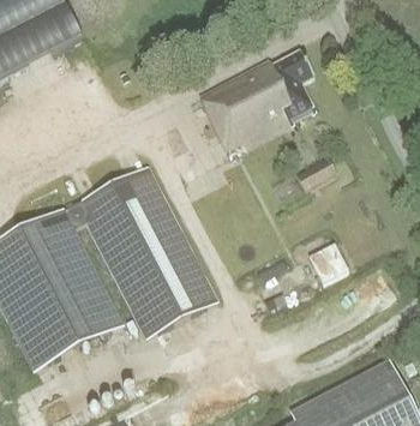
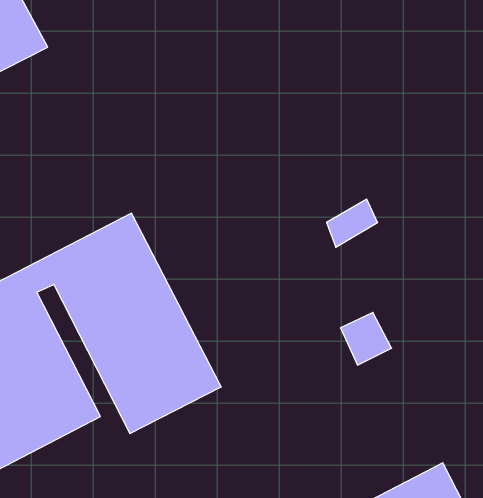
building: [199,50,314,155] -> none

